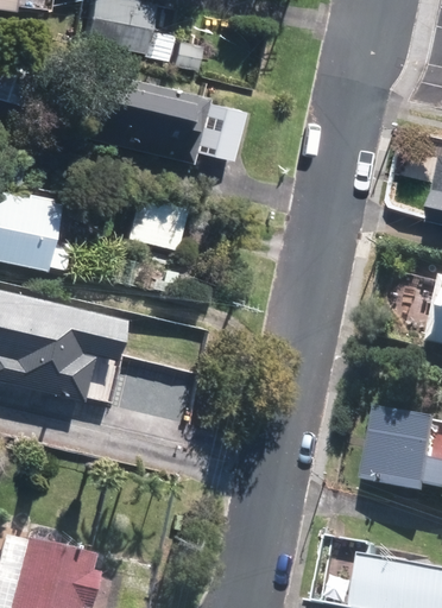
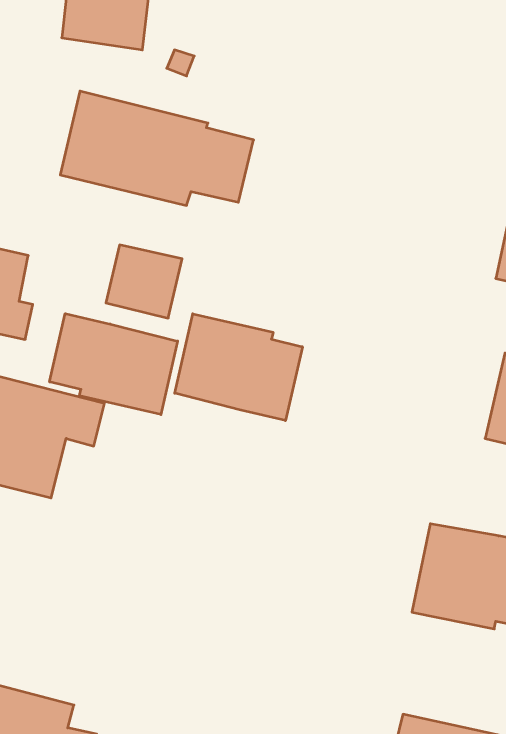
building: none -> [50,314,178,415]
building: none -> [175,314,302,421]

